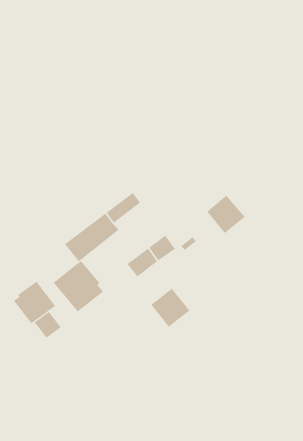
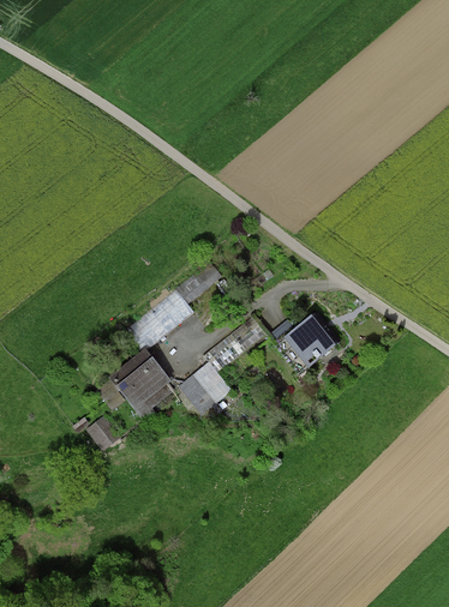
building: [207,195,245,234] -> [285,315,334,365]
building: [13,281,56,324] -> none
building: [151,288,190,327] -> [179,363,229,414]

